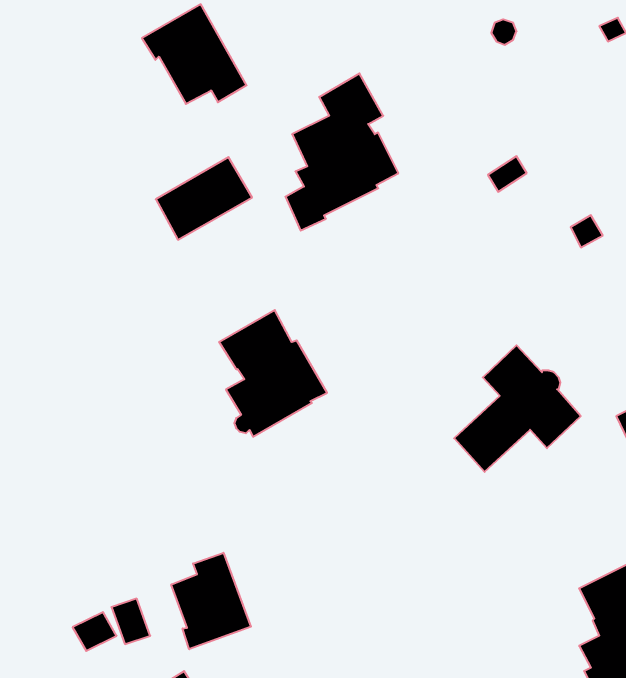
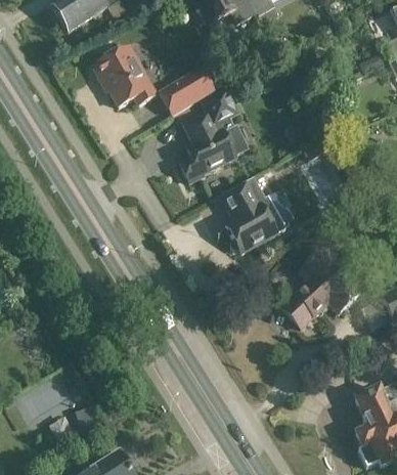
building: [156,157,252,240] -> [158,64,216,115]
building: [219,310,327,437] -> [221,176,286,253]
building: [171,553,251,649] -> none

